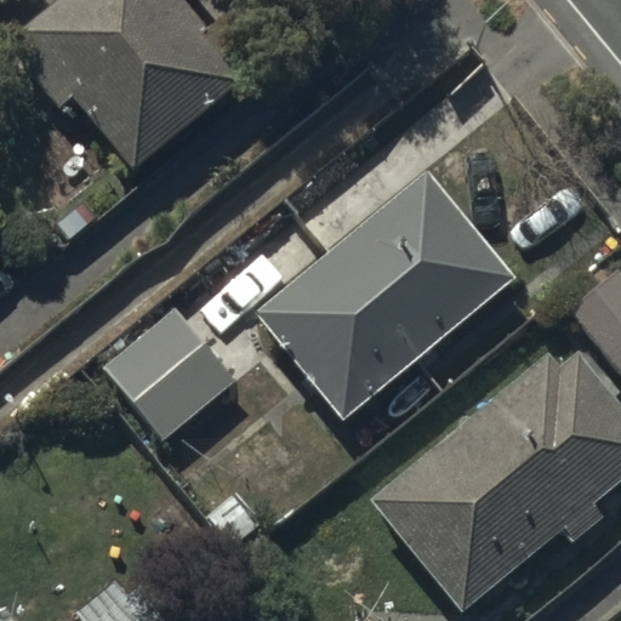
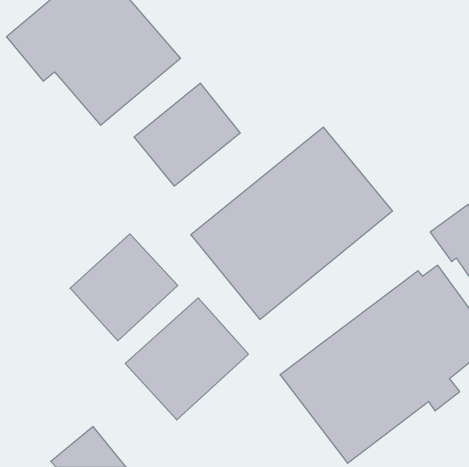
building: none -> [134,83,240,186]
building: none -> [125,298,248,420]

